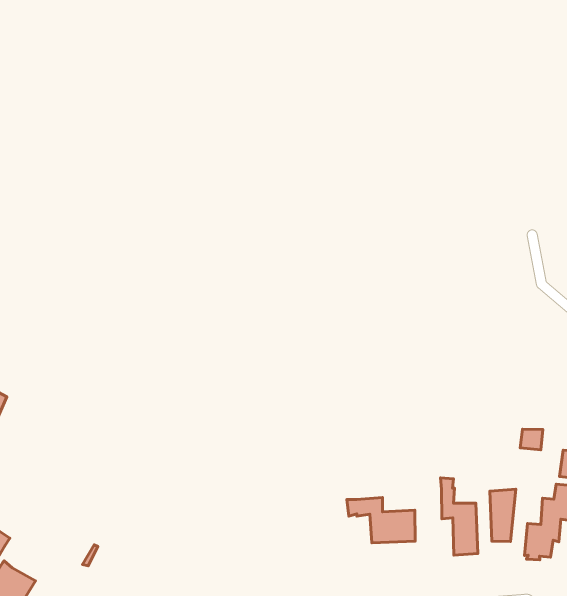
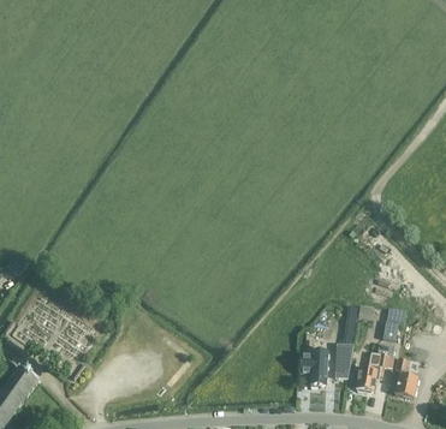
building: [347,498,415,543] -> none

